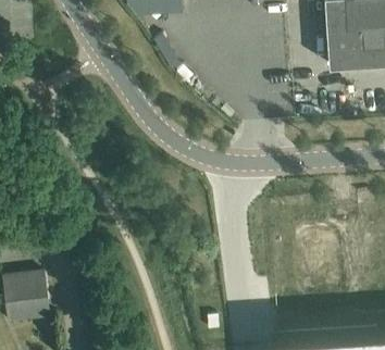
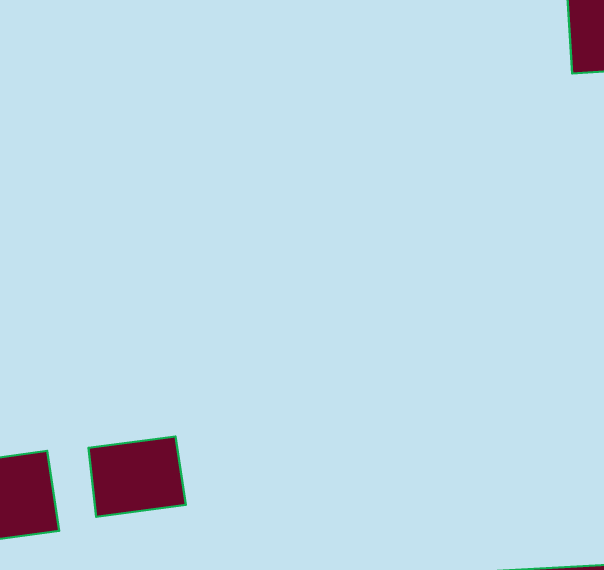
building: none -> [88,436,186,517]

